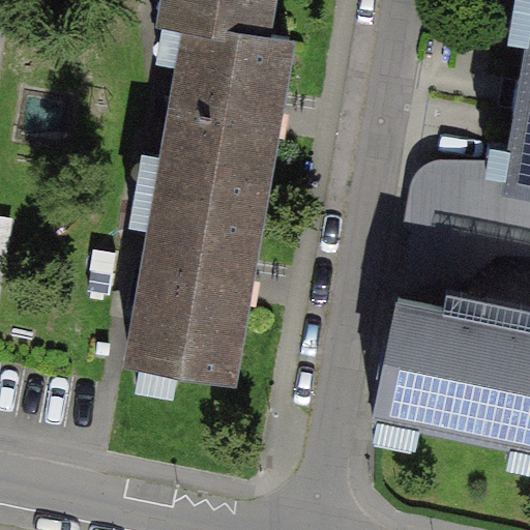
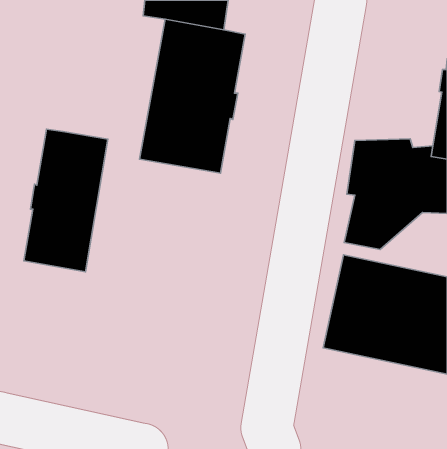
building: none -> [24,129,108,272]
building: [136,187,260,376] -> none

